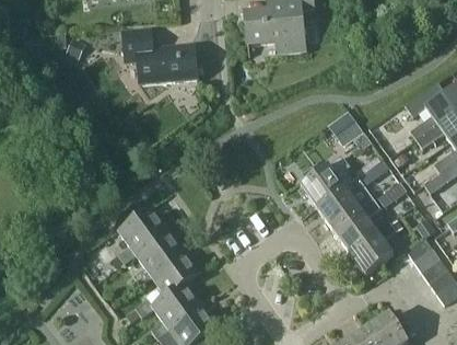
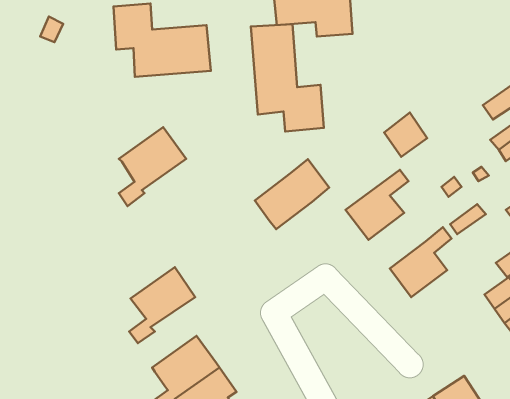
building: none -> [251,24,324,131]
building: [317,176,374,230] -> [255,159,329,229]
building: [118,205,169,265] -> [119,127,186,206]
building: [350,218,402,275] -> none
building: [136,252,199,318] -> none

